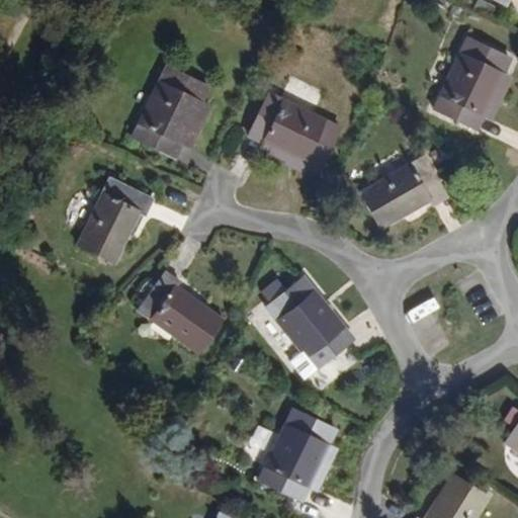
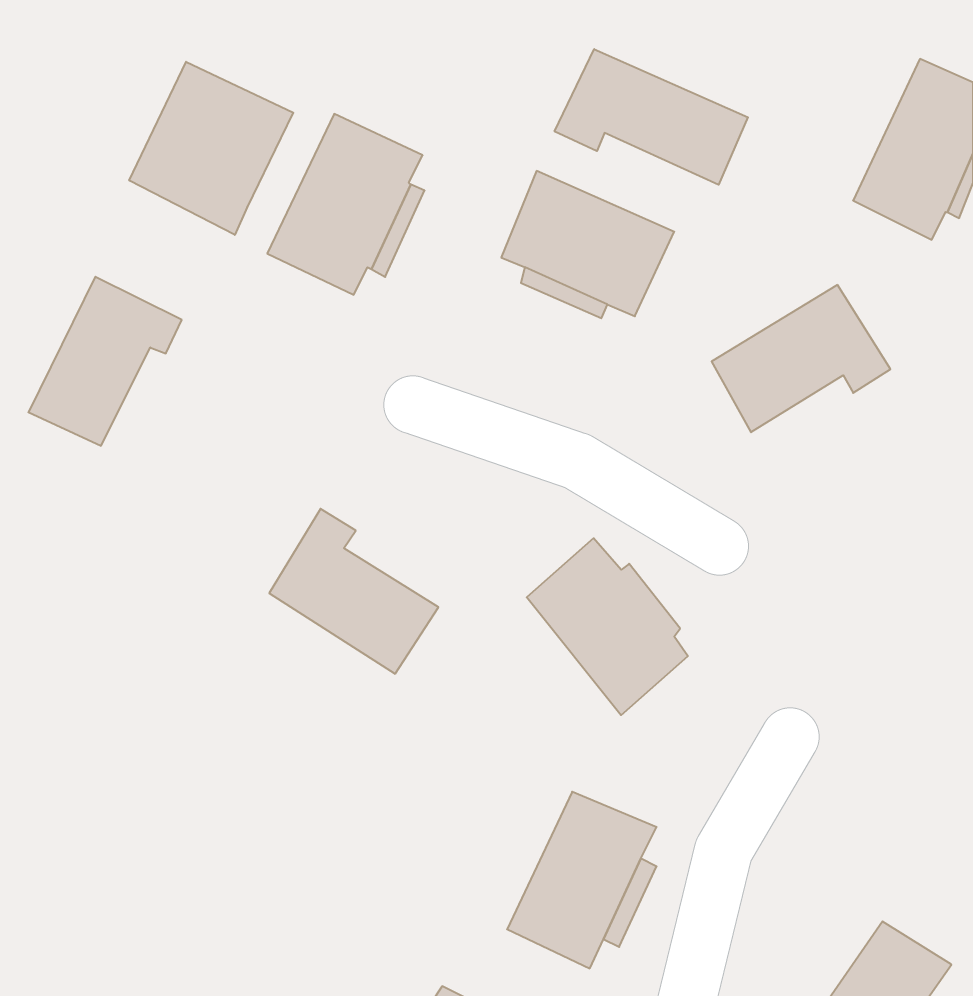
building: none -> [555,49,748,185]
building: none -> [129,62,293,235]
building: [81,176,160,263] -> [28,277,182,446]

